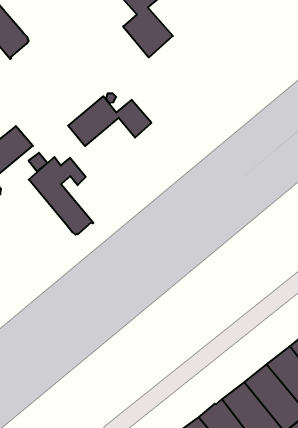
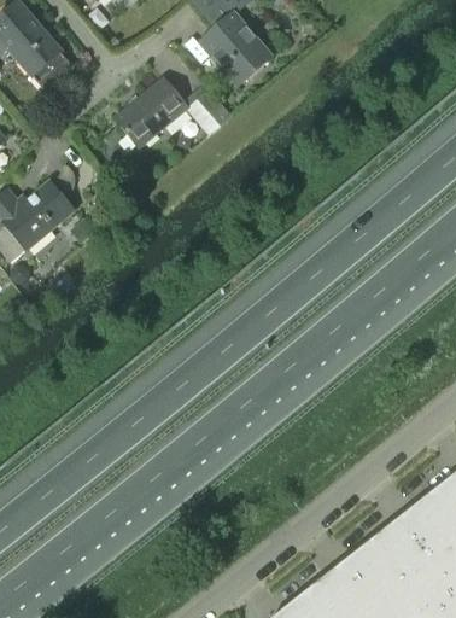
building: [68,96,151,146] -> [113,77,230,147]
building: [29,157,93,235] -> none

